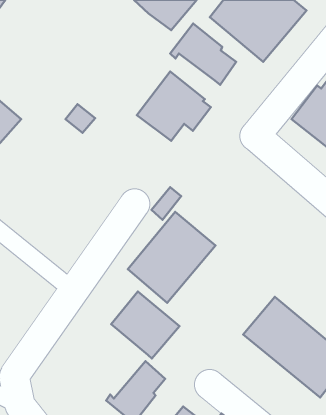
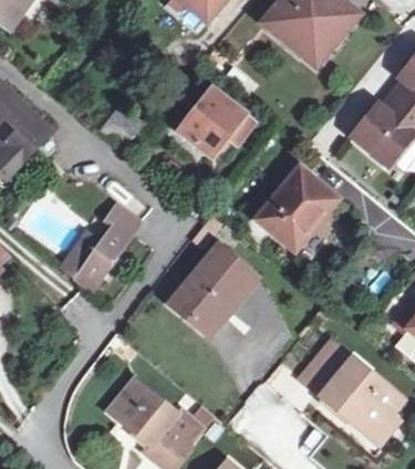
building: [170,24,236,85] -> none
building: none -> [253,160,344,253]
building: none -> [59,206,136,290]
building: [111,291,179,359] -> [105,372,181,447]

